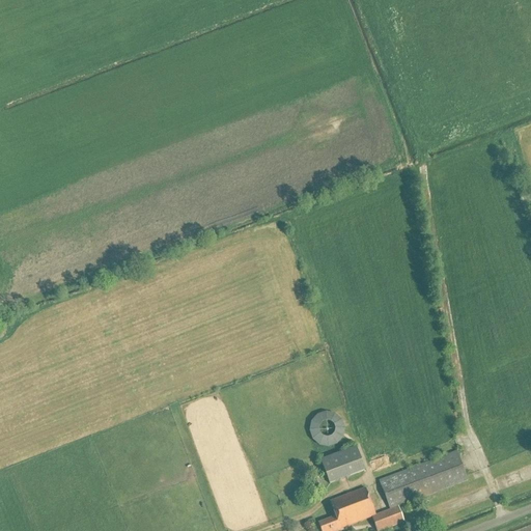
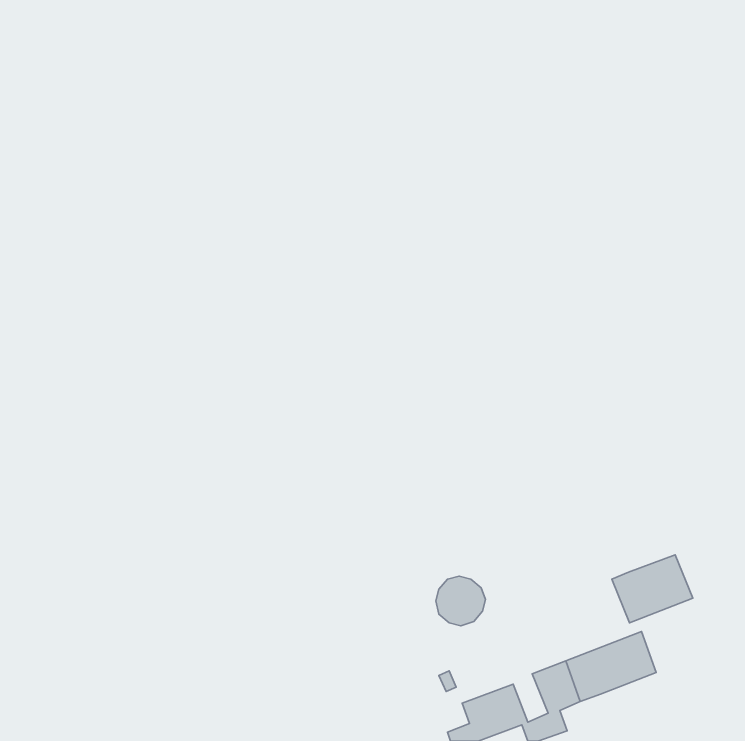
building: none -> [612,555,693,623]
building: [319,445,364,481] -> none

